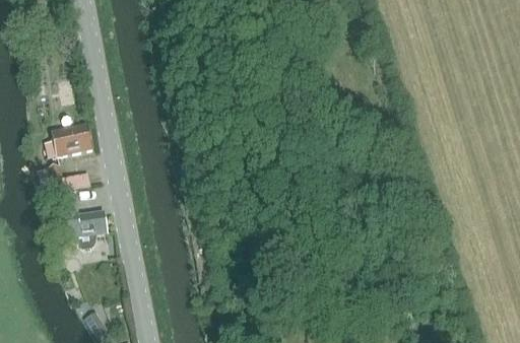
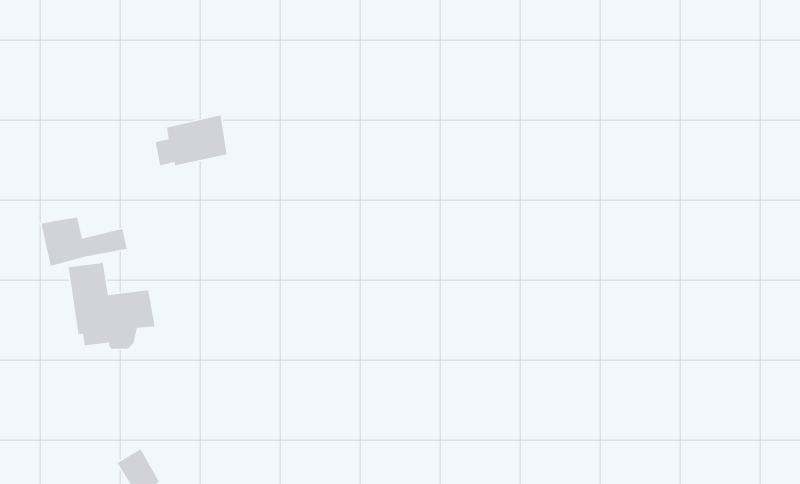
building: [45,124,90,156] -> [155,114,228,166]

